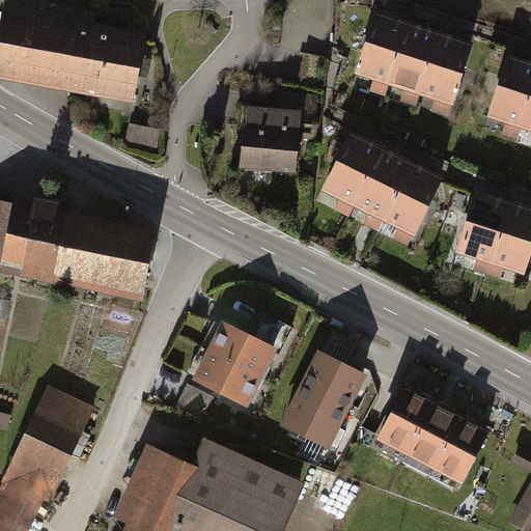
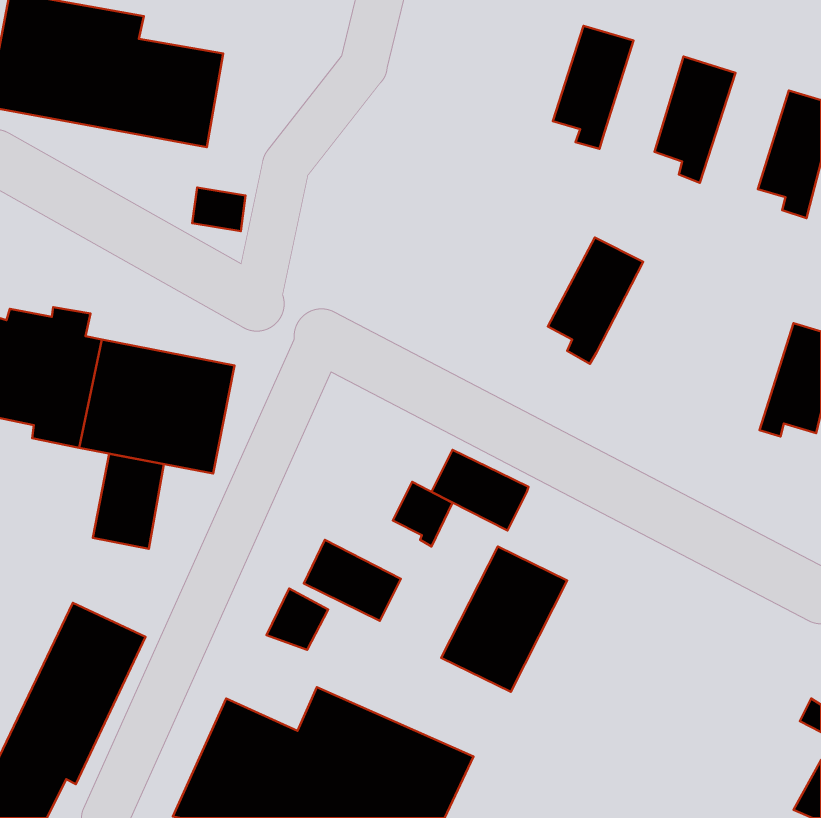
building: [387,26,439,106] -> none
building: [235,92,317,177] -> none
building: [322,137,382,218] -> none
building: [383,168,443,249] -> none
building: [454,195,509,276] -> none
building: none -> [93,454,164,549]
building: [208,319,271,371] -> [431,450,528,531]
building: [382,388,486,479] -> none

